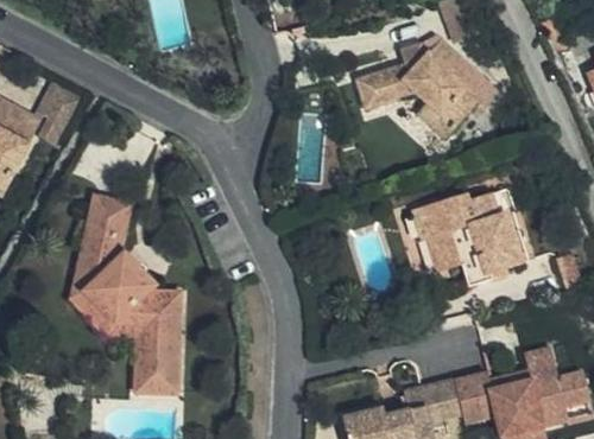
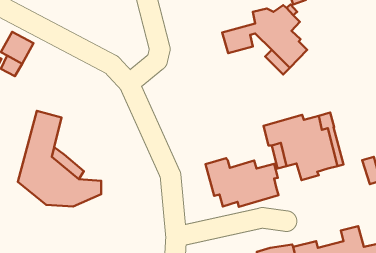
building: none -> [205,158,279,207]
building: [139,311,181,389] -> none

